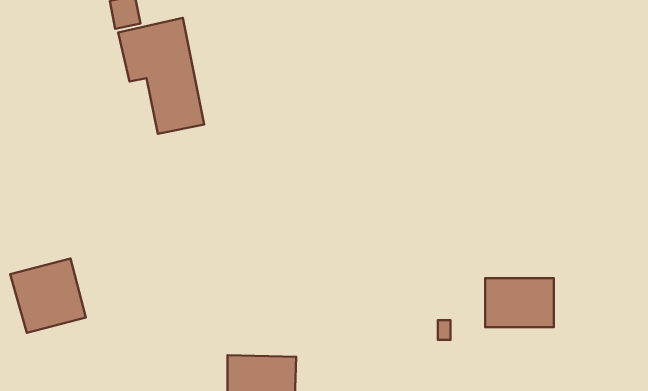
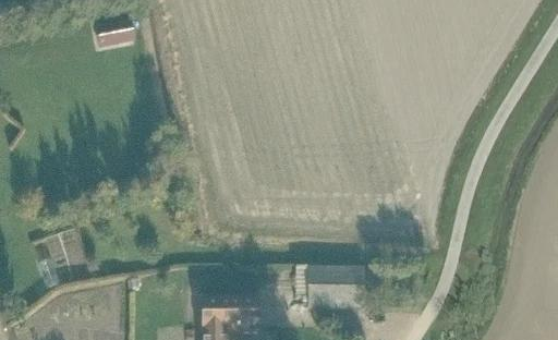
building: [118,18,204,134] -> none
building: [485,278,554,327] -> [307,267,361,305]

